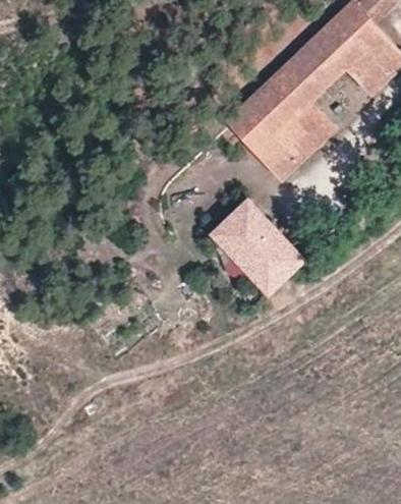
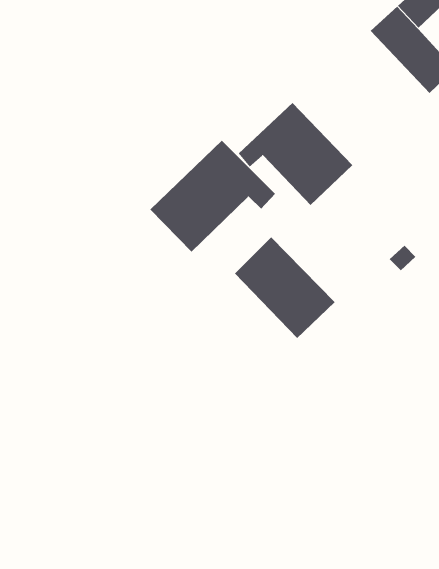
building: [264,26,381,142] -> none
building: none -> [149,140,276,252]

